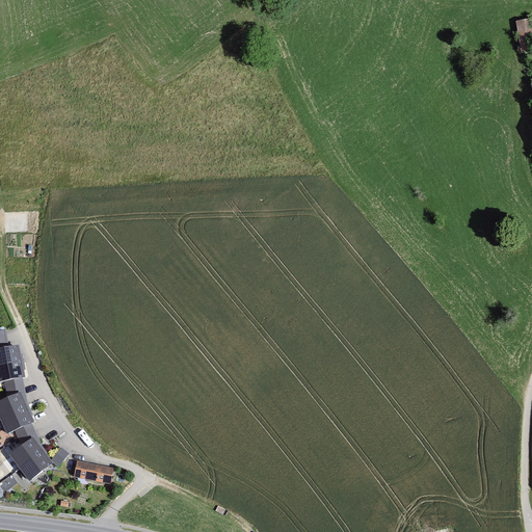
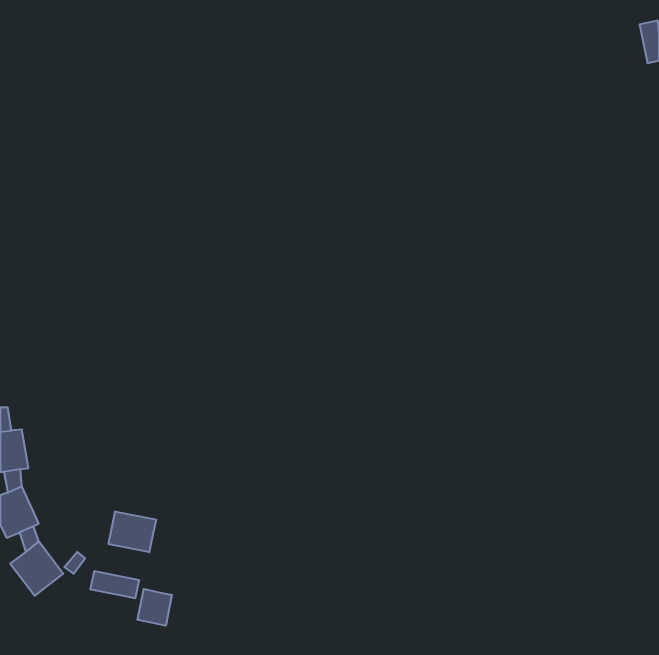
building: none -> [108,511,156,552]
building: none -> [138,589,172,626]

